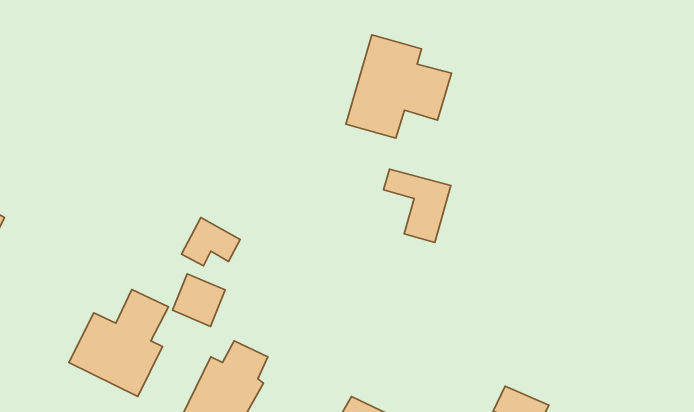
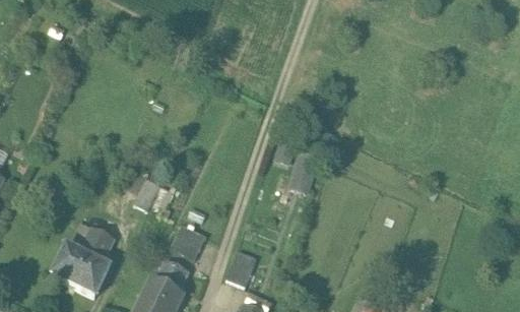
building: [346,35,452,138] -> none
building: [172,274,225,326] -> [166,224,202,260]
building: none -> [228,249,257,285]

